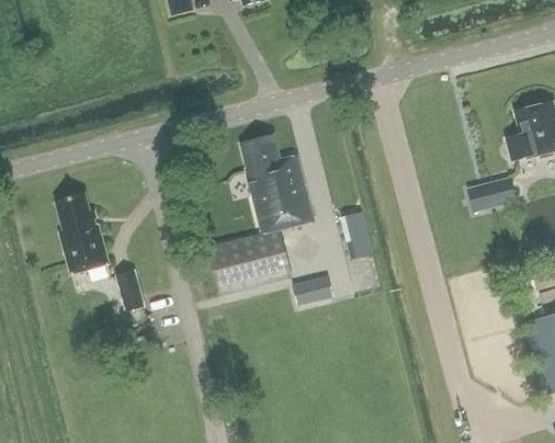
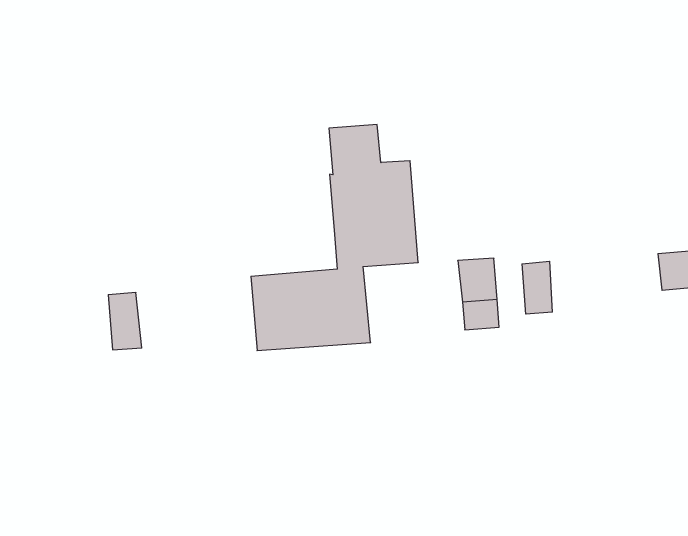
building: [56,192,109,272] -> none
building: none -> [522,261,552,314]
building: [292,273,332,304] -> none

